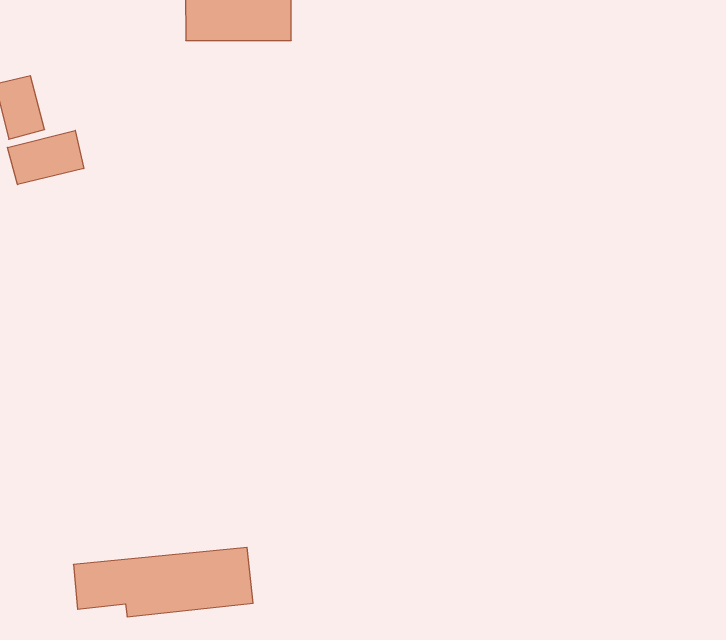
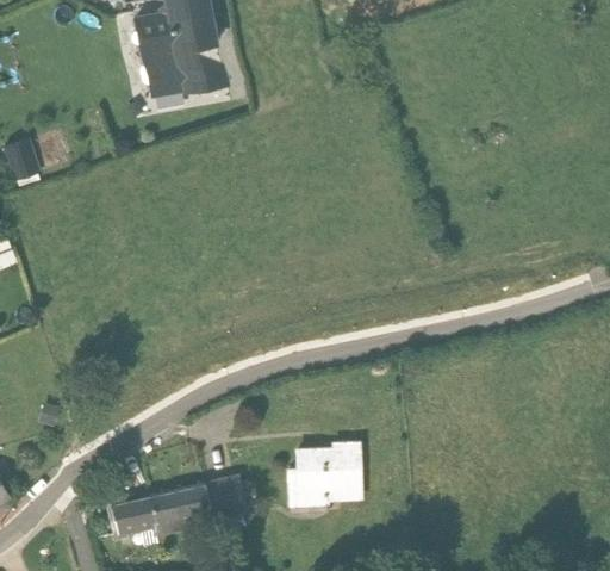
building: [7,130,84,185] -> none
building: none -> [282,440,359,507]

